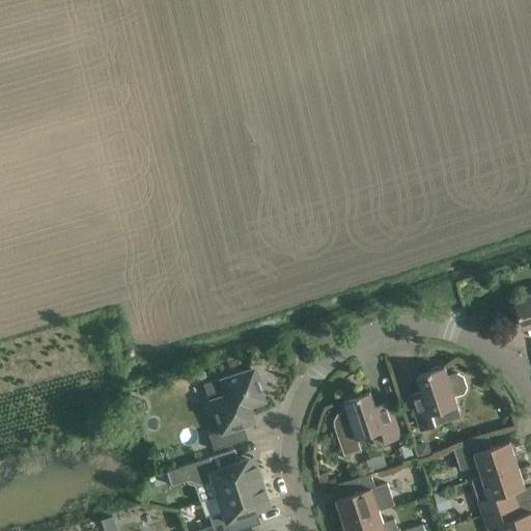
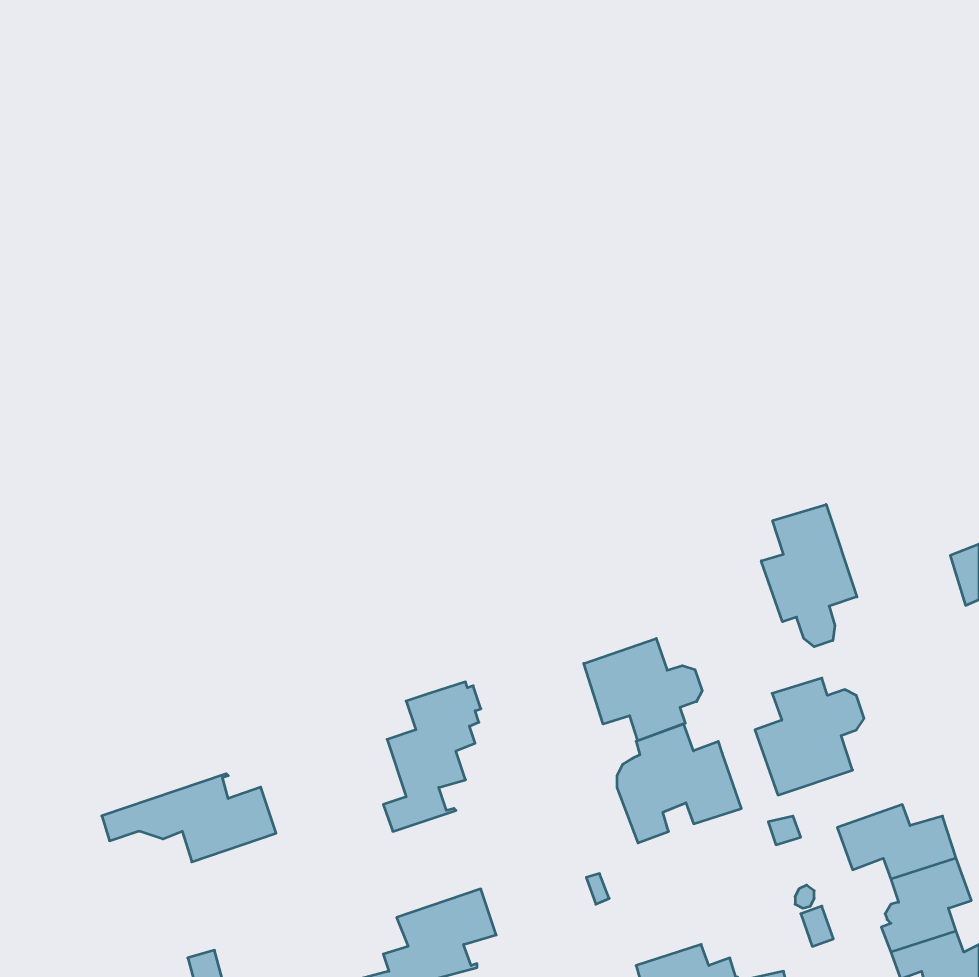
building: none -> [761,504,857,647]
building: none -> [584,638,702,741]
building: [166,450,260,498] -> [102,774,276,862]
building: [337,476,395,524] -> none

